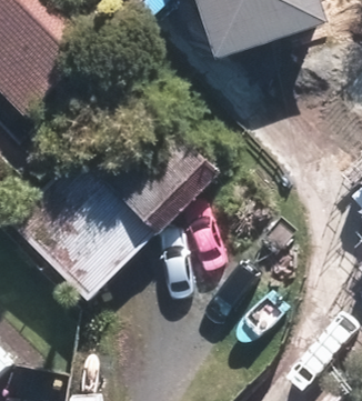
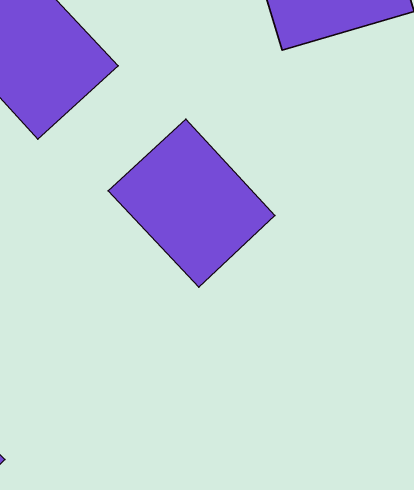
building: [18,171,144,300] -> none

